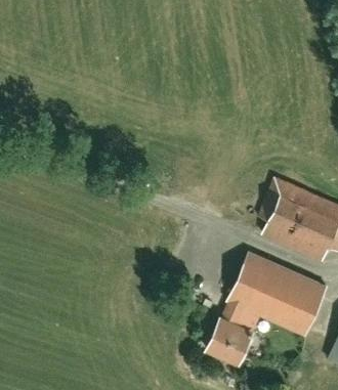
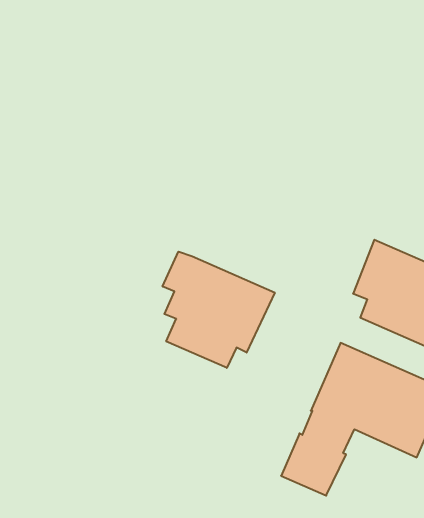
building: none -> [163,252,275,368]

